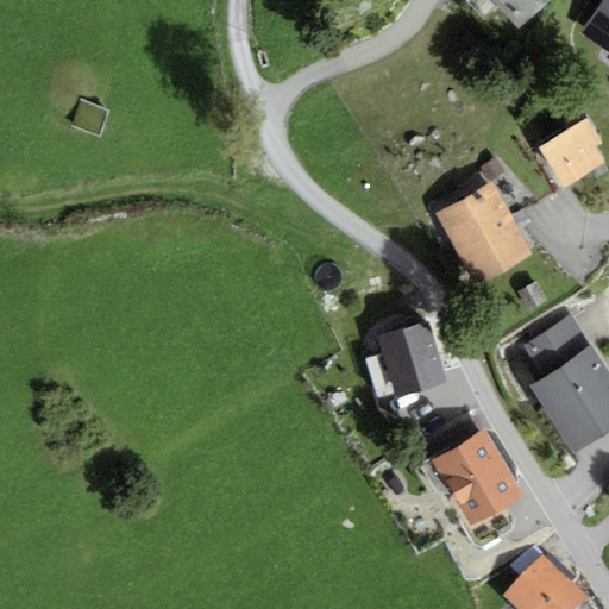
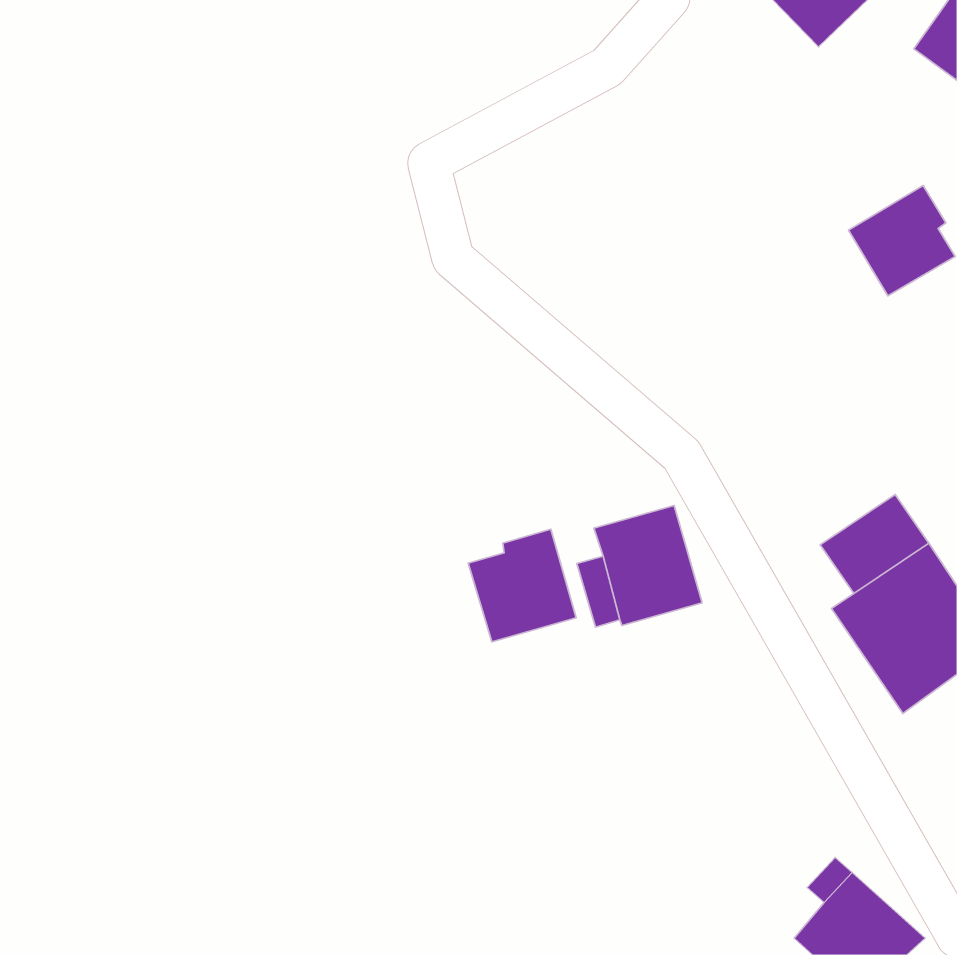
building: [435,181,533,285] -> none
building: none -> [468,529,576,642]
building: [433,431,522,525] -> none

